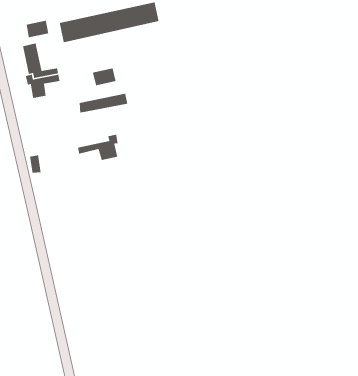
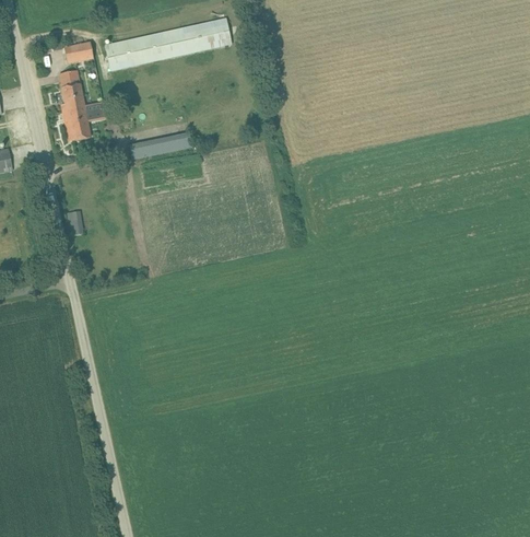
building: [92,68,117,86] -> none
building: [77,134,119,161] -> none

